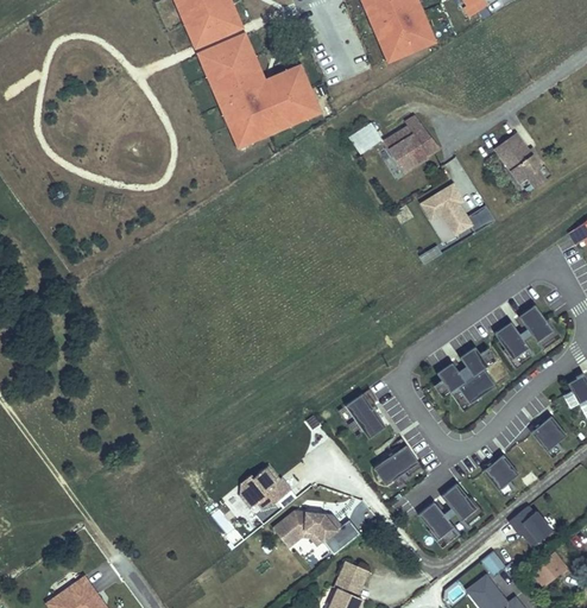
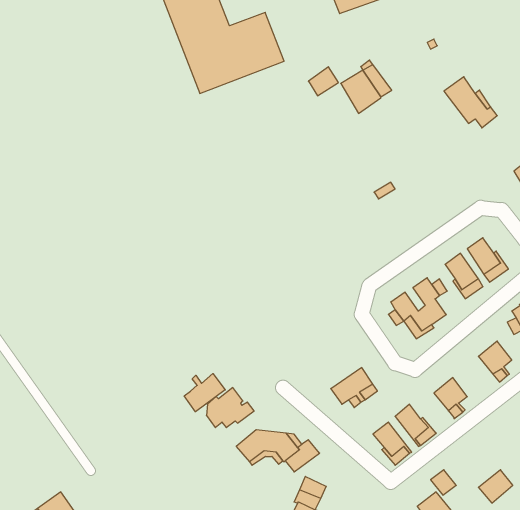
building: [419,182,496,236] -> none
building: [345,392,386,437] -> none
building: none -> [184,374,225,412]
building: [506,506,550,550] -> none

